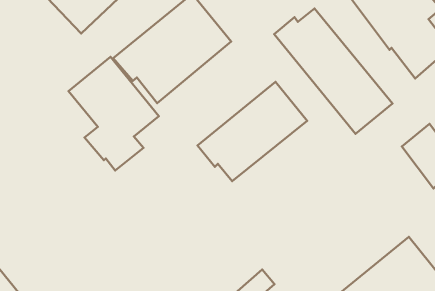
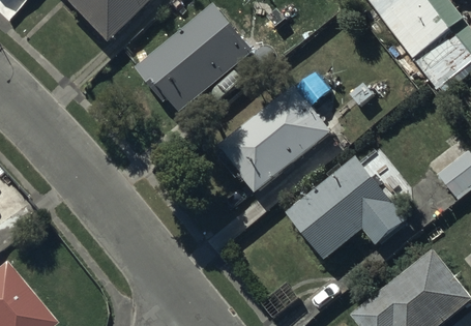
building: [274,8,393,134] -> none
building: [69,57,159,171] -> none
building: none -> [287,156,407,259]

